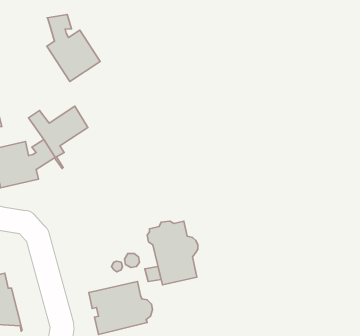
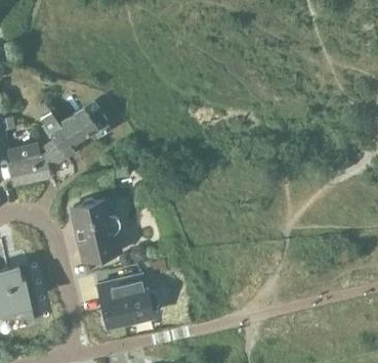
building: [47,14,100,81] -> none
building: [147,221,198,285] -> [71,200,119,261]

